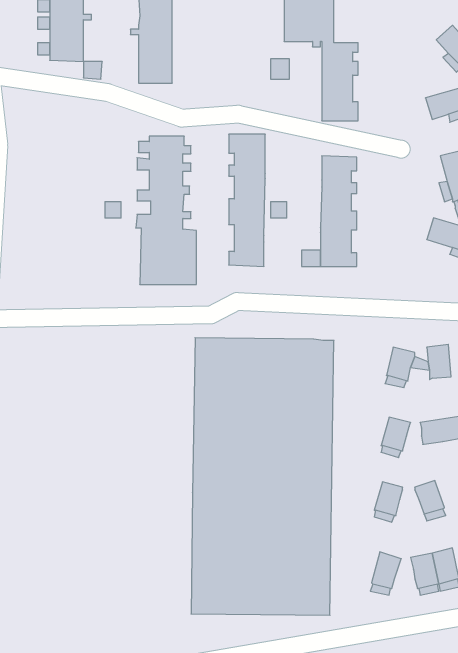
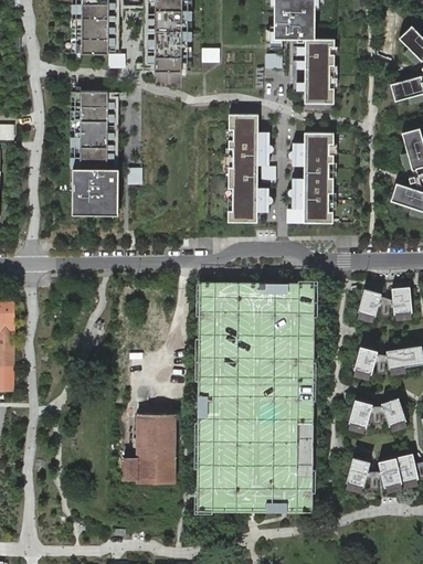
building: [136,136,196,284] -> [68,93,118,214]
building: none -> [123,414,175,482]

